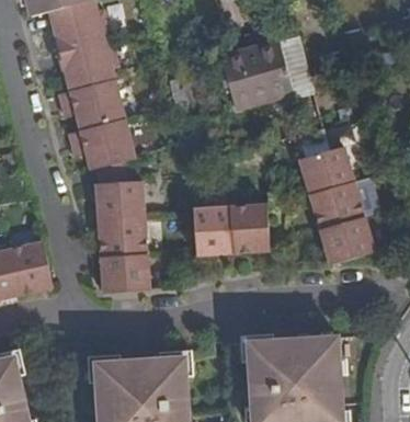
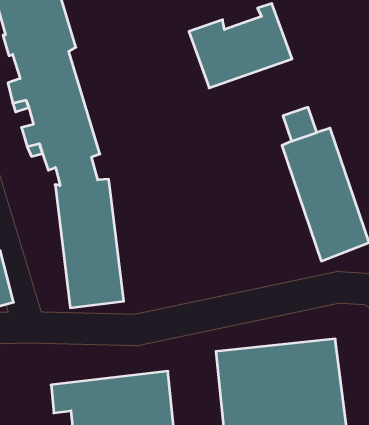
building: [197,205,273,259] -> none

